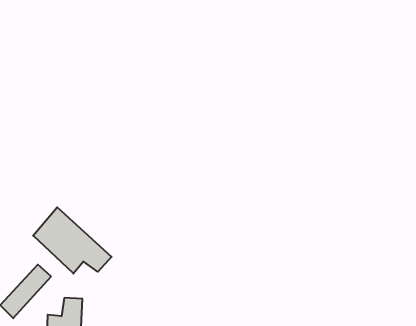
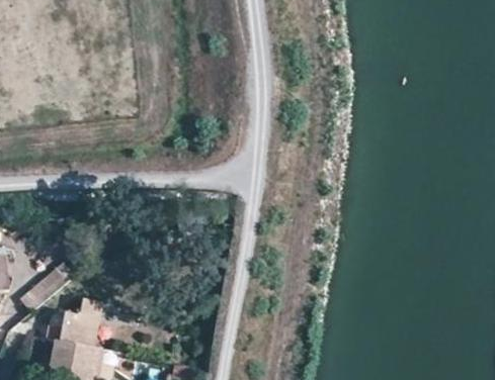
building: [33,207,112,274] -> none

